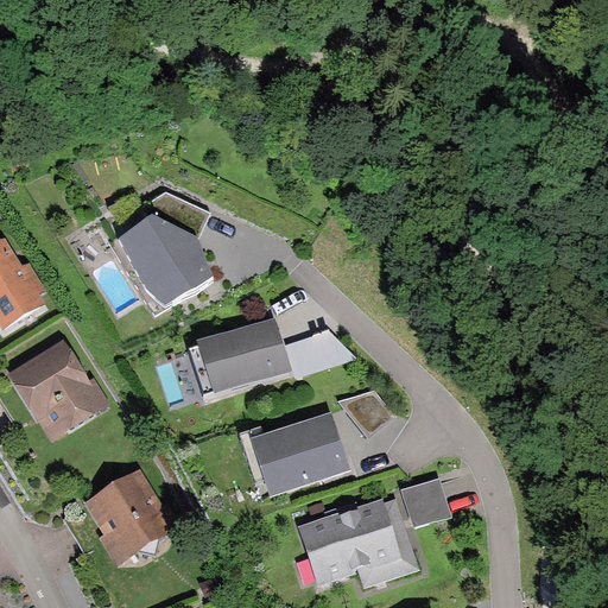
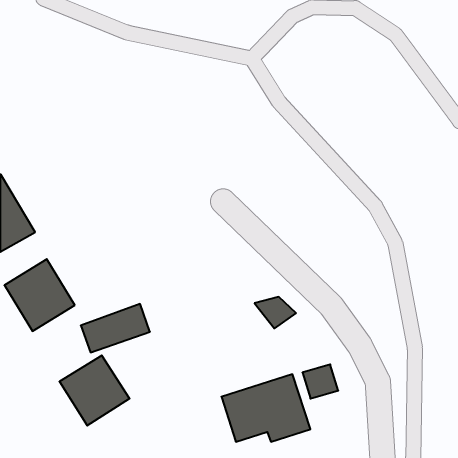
building: [126,220,204,306] -> none
building: [192,327,284,391] -> [81,304,150,352]
building: [287,331,348,372] -> none
building: [252,414,344,489] -> none

